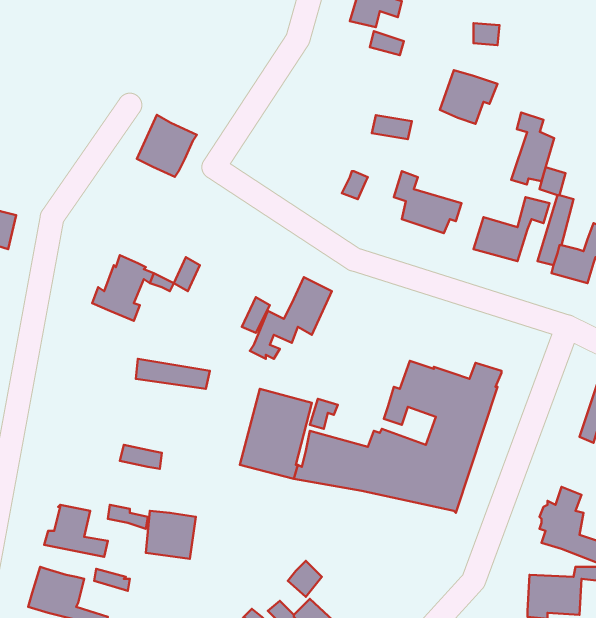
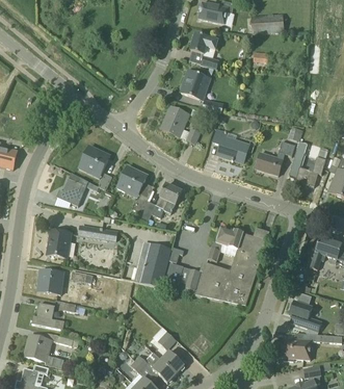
building: [440,70,498,124] -> [180,70,210,98]
building: [511,112,554,185] -> none
building: [137,115,197,177] -> [79,145,110,177]
building: none -> [163,105,188,136]
building: none -> [116,164,148,197]
building: none -> [47,230,72,258]
building: [146,511,196,559] -> [37,269,63,294]

